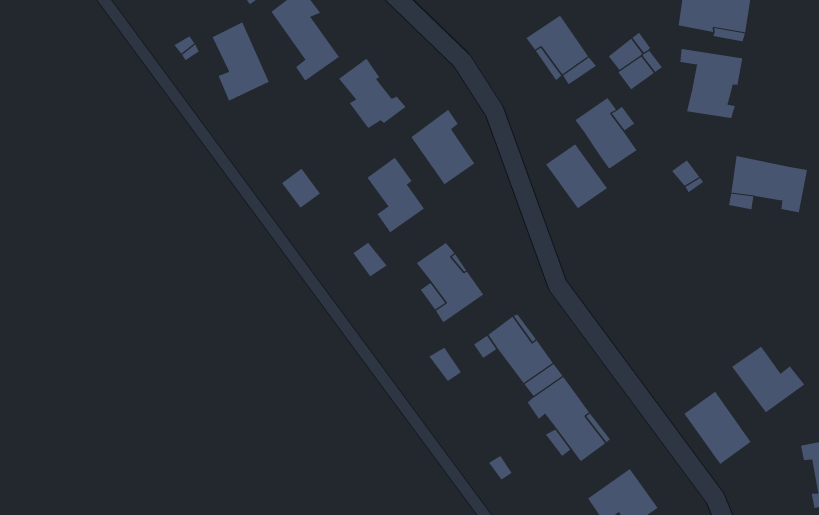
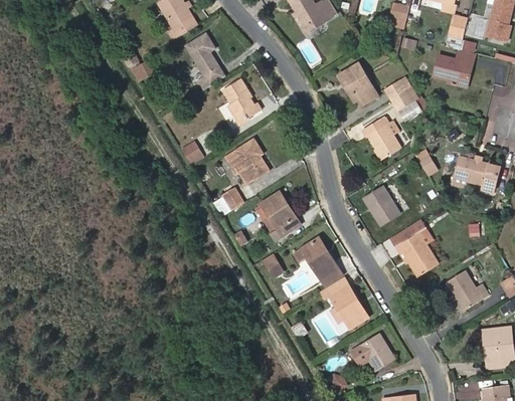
building: [212,22,270,102] -> none
building: [680,48,743,119] -> none
building: [411,109,475,185] -> none
building: [545,144,608,209] -> [361,184,397,223]
building: [684,391,752,465] -> [396,230,436,274]

